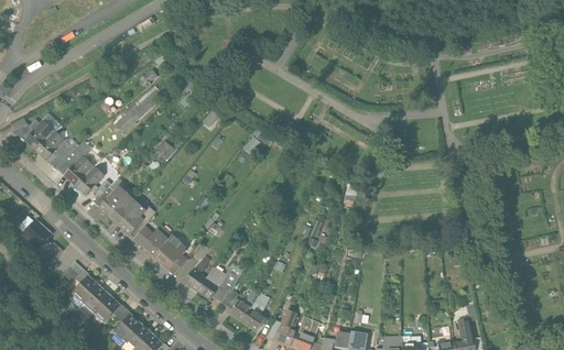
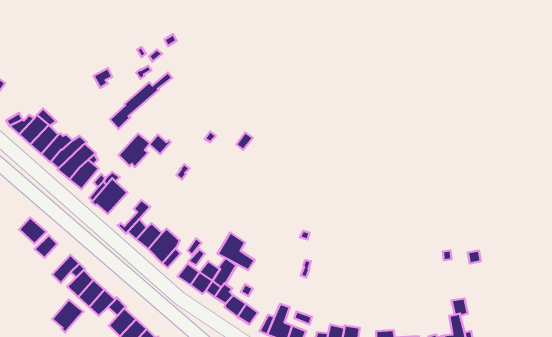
building: [112,197,144,231] -> [119,133,150,167]
building: none -> [218,232,255,270]
building: none -> [52,299,84,332]

